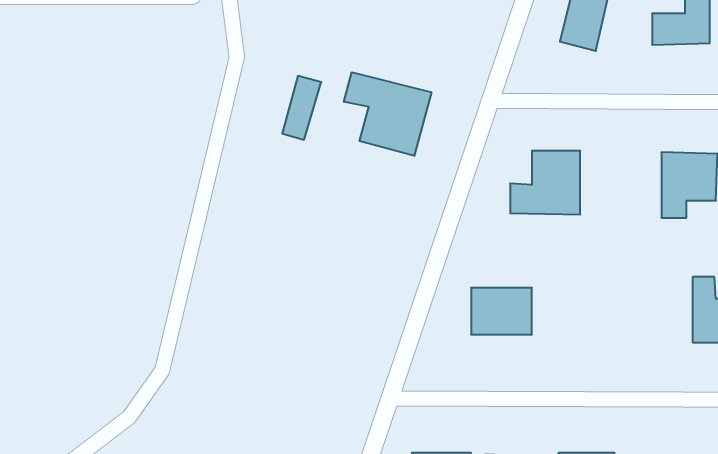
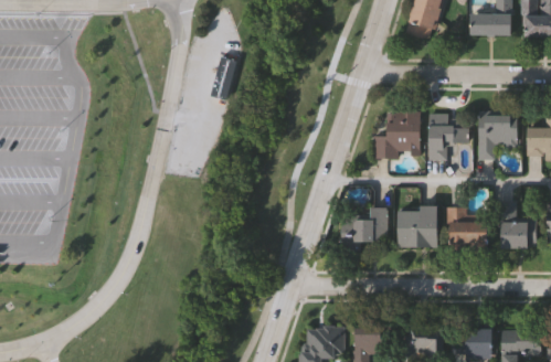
building: [344,72,431,156] -> none
building: none -> [428,114,468,160]
building: none -> [448,206,487,248]
building: none -> [398,207,438,247]

